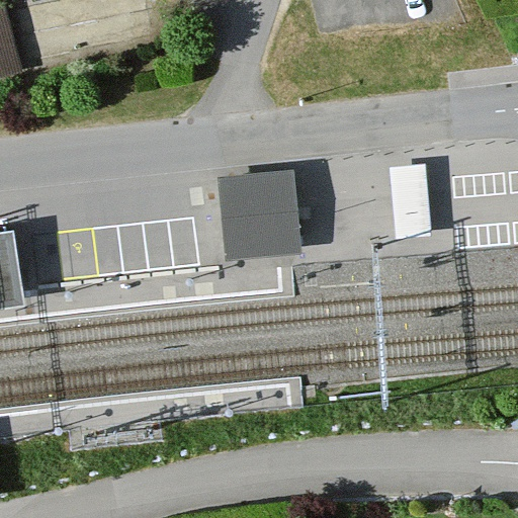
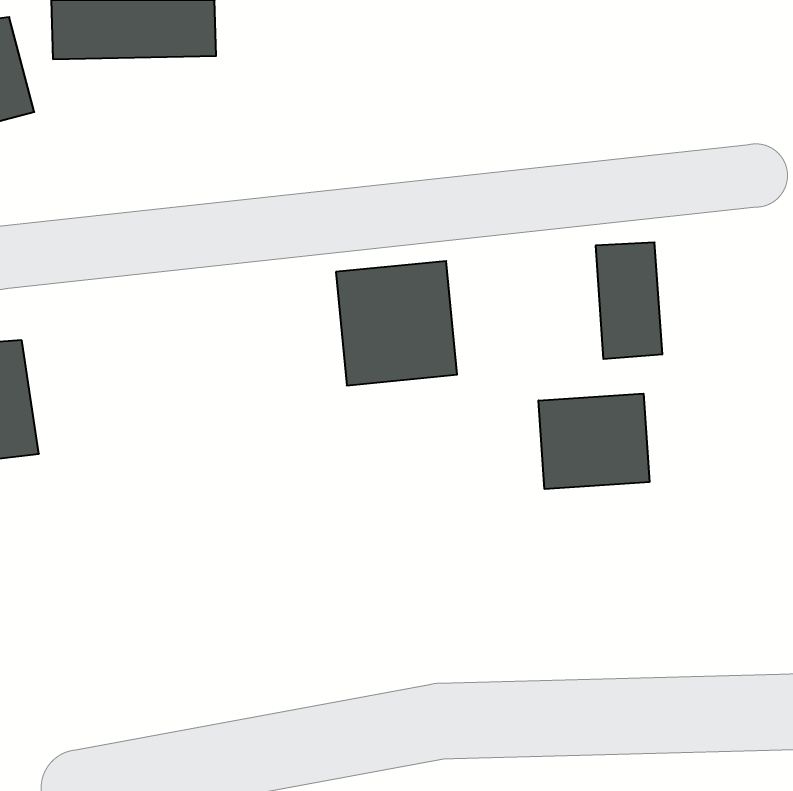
building: none -> [539,394,649,489]

